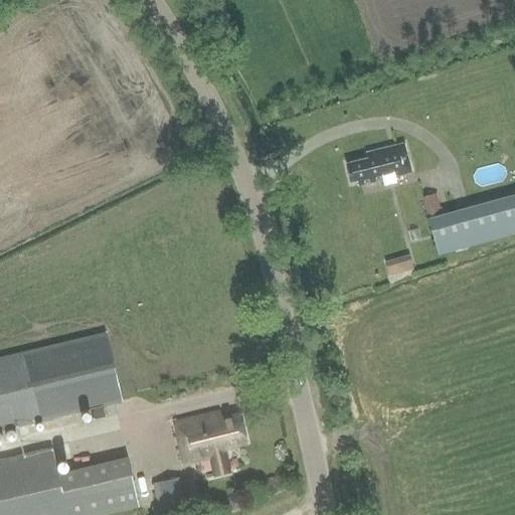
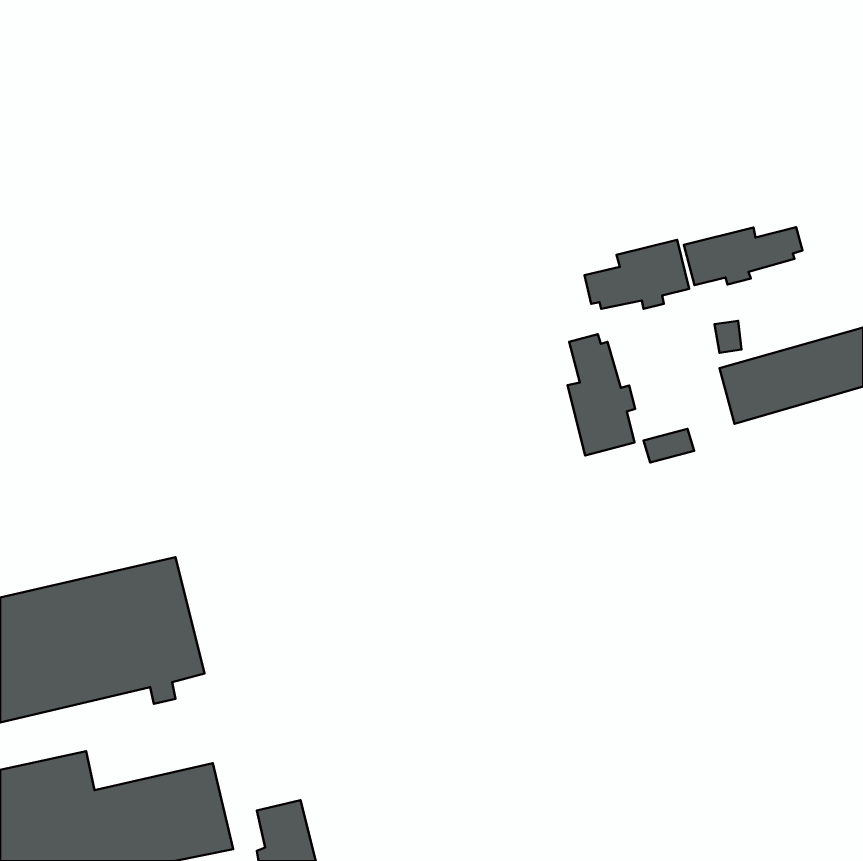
building: none -> [684,227,802,285]
building: none -> [568,334,635,455]
building: [174,412,244,475] -> none

